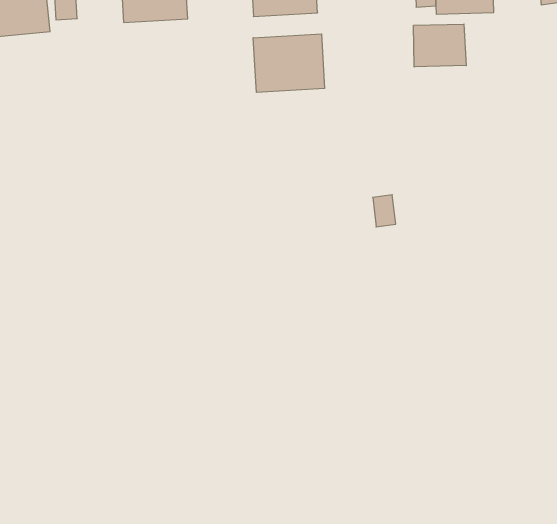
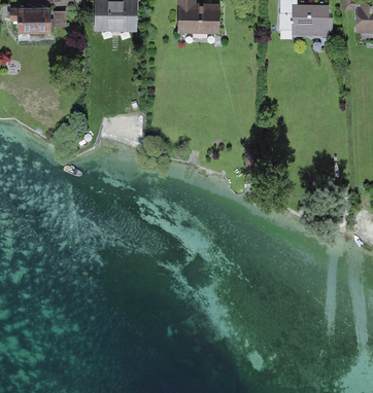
building: [414,24,466,67] -> none
building: [253,34,325,92] -> none

